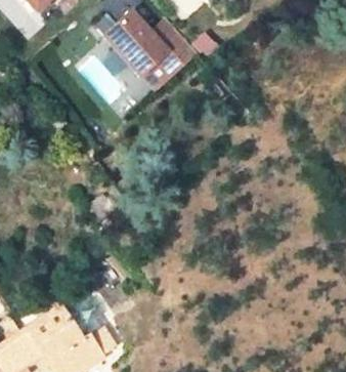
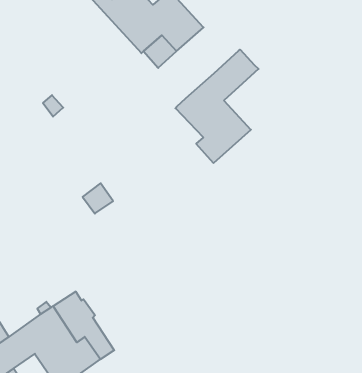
building: none -> [175,50,259,163]

